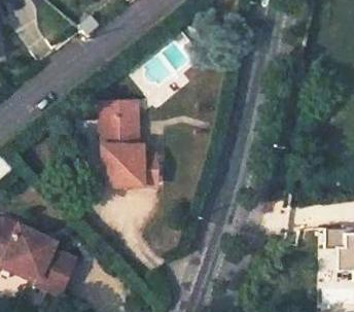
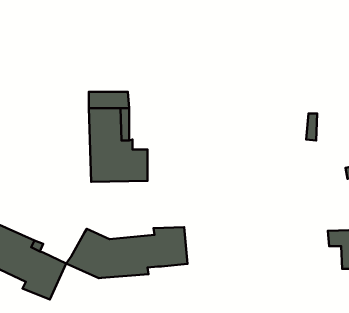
building: none -> [66,227,188,278]

